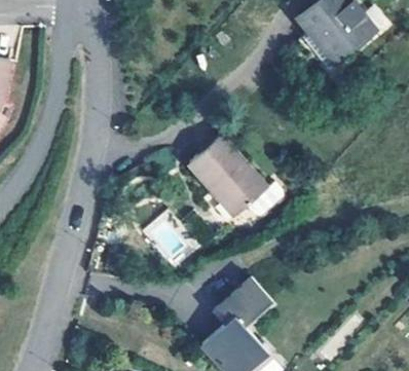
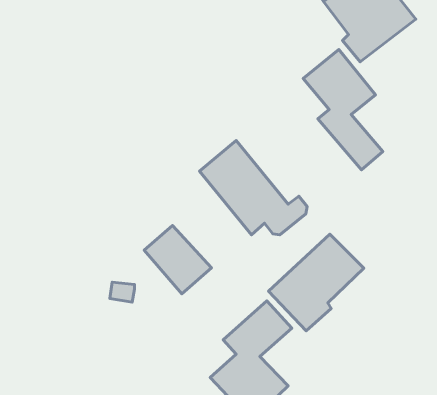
building: none -> [303,49,383,170]
building: none -> [269,234,364,331]

